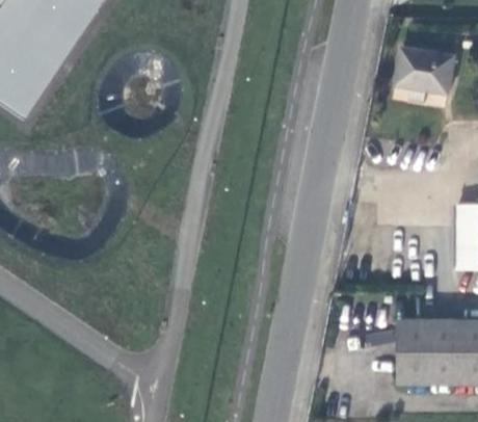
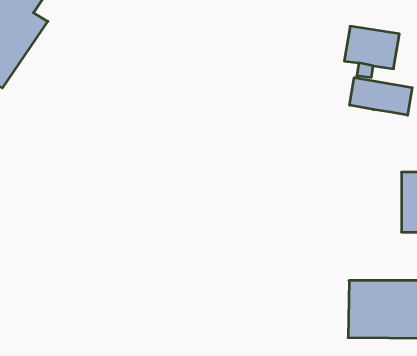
building: none -> [350,78,412,115]

